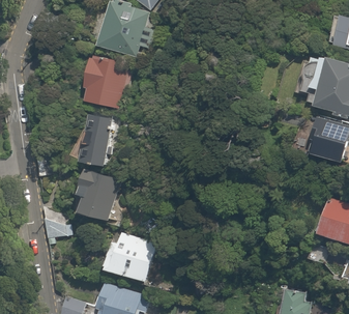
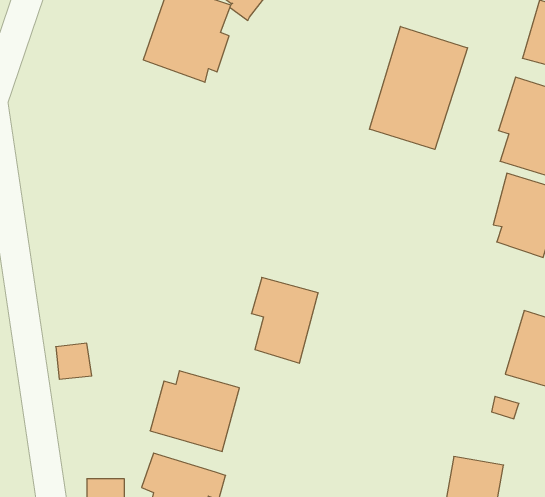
building: none -> [369,26,468,149]
building: [82,54,130,109] -> none
building: [78,114,113,167] -> none
building: [77,169,117,221] -> [251,277,318,363]

